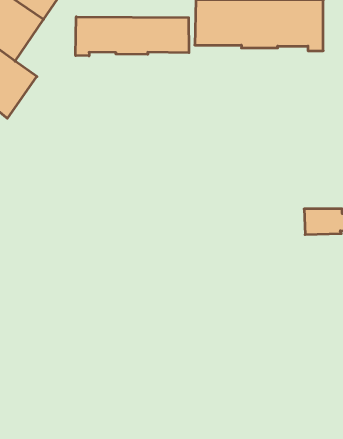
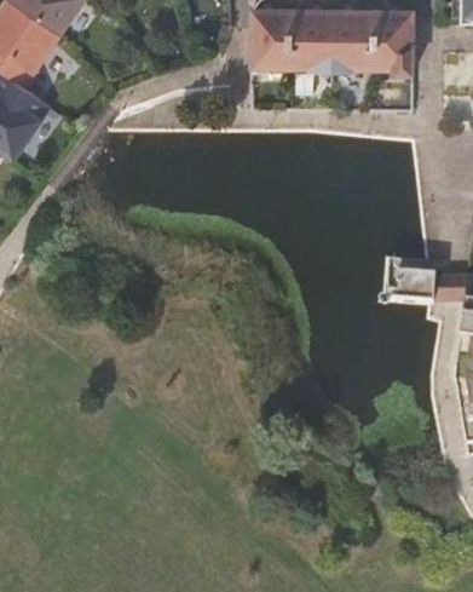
building: [76,17,189,56] -> none

